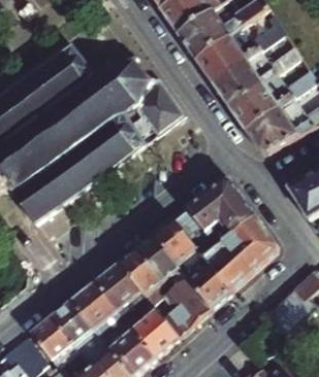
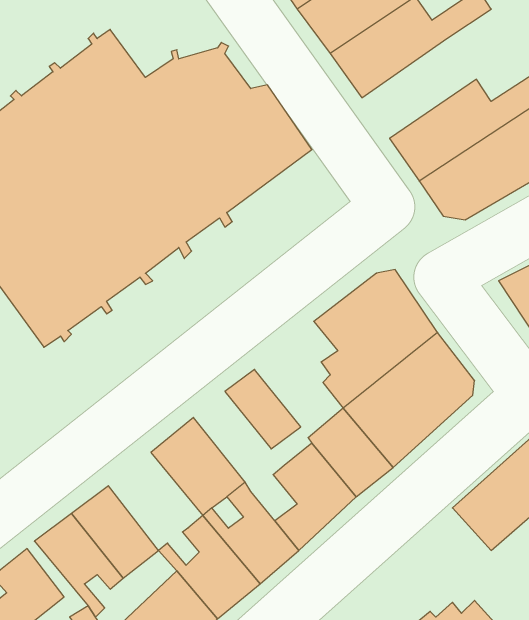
building: [212,45,299,106] -> none
building: [152,219,201,273] -> none
building: [118,247,168,303] -> none
building: [70,281,123,336] -> none

